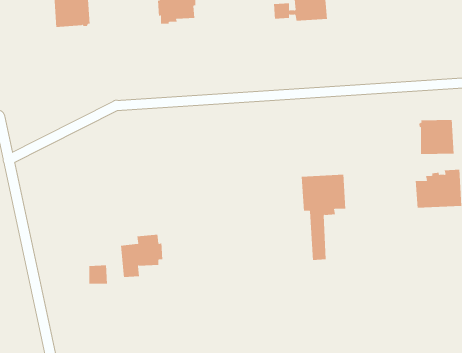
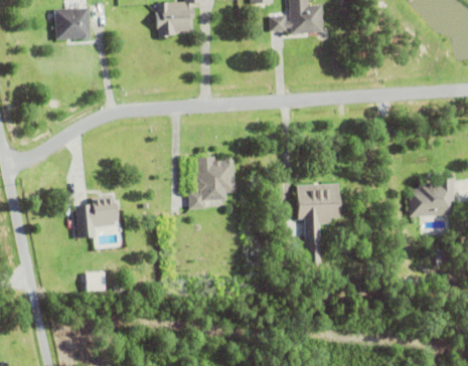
building: [419,119,454,155] -> none
building: none -> [190,158,236,209]
building: [120,234,163,277] -> [76,196,119,238]

